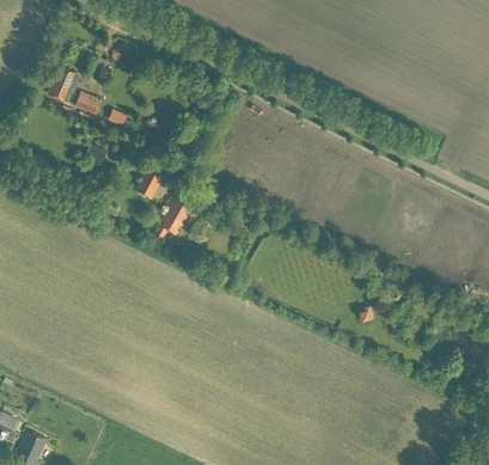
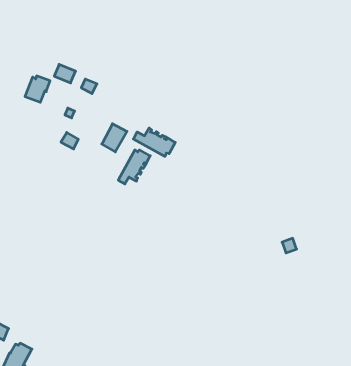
building: [48,69,79,102] -> [25,76,50,102]
building: none -> [133,128,175,156]

